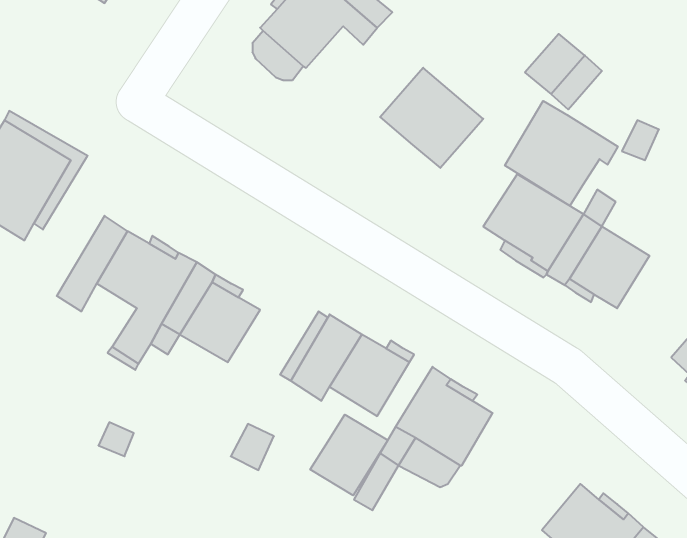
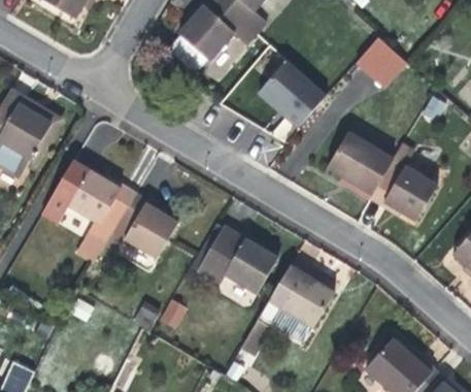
building: [505,101,618,206] -> none
building: [310,415,388,495] -> none

